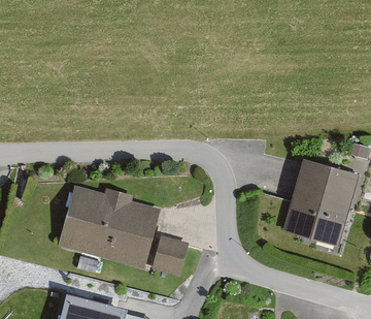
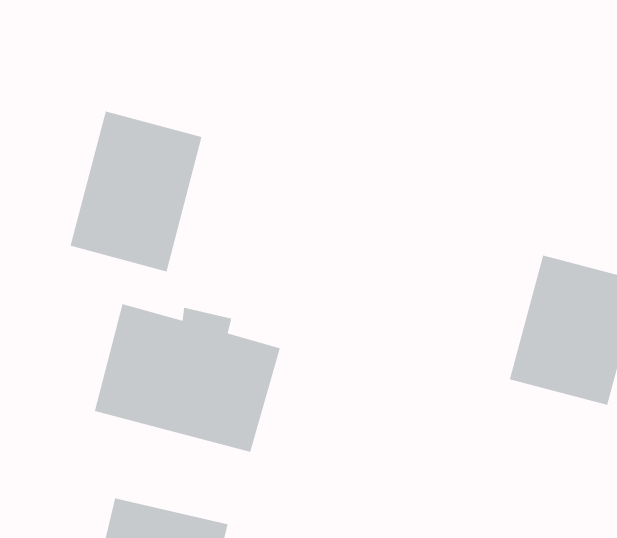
building: none -> [70,111,203,272]
building: [149,236,189,277] -> none

